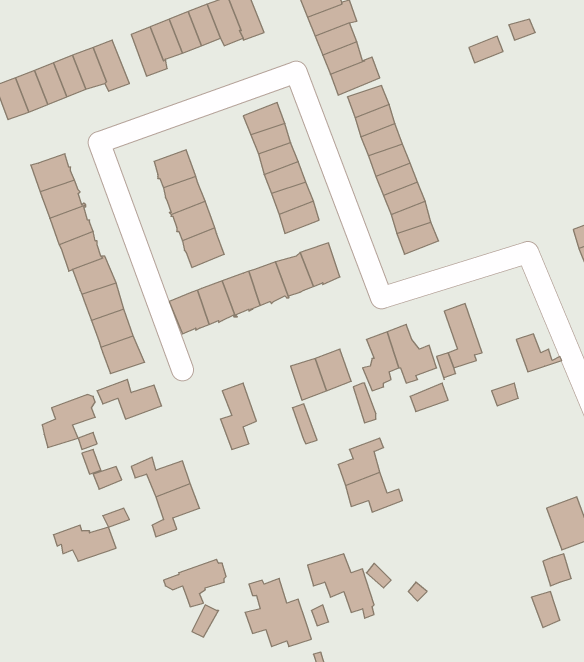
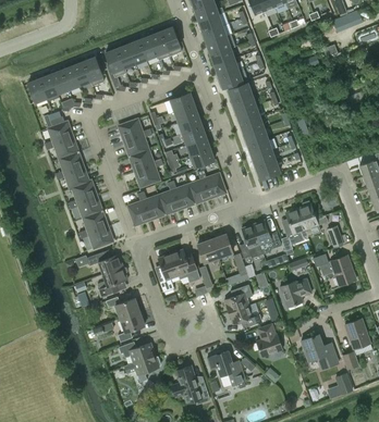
building: none -> [297,201,328,236]
building: none -> [170,249,199,283]
building: none -> [330,256,355,285]
building: [42,395,95,448] -> [97,266,127,297]
building: none -> [280,278,311,307]
building: none -> [256,324,282,357]
building: none -> [301,334,338,369]
building: [53,525,116,561] -> [119,342,155,362]

